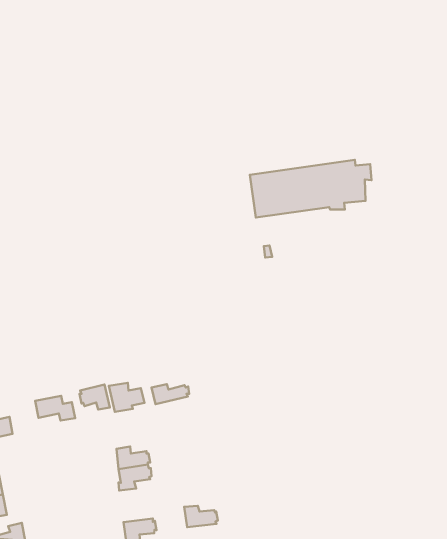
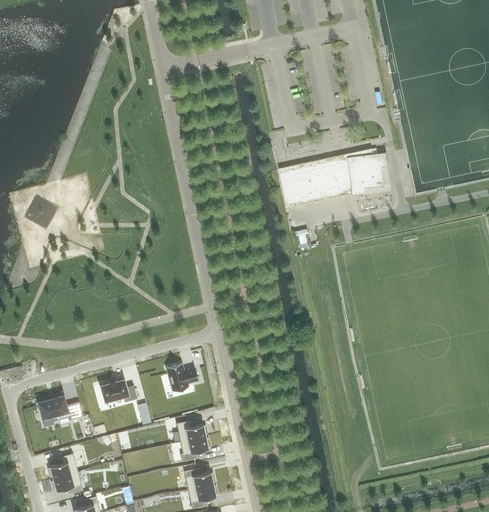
building: [152,384,189,404] -> none
building: [79,385,110,410] -> none
building: [184,506,218,527] -> [183,468,214,488]

